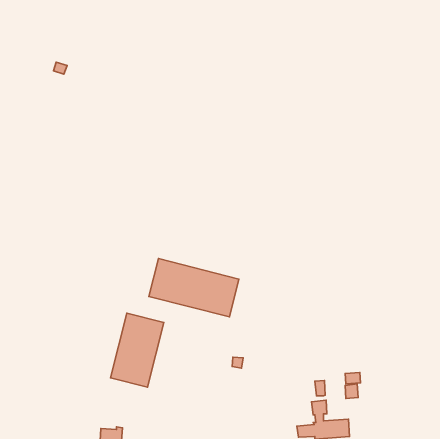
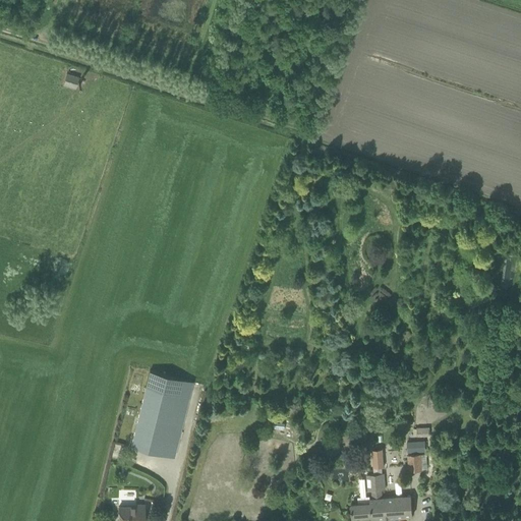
building: [149,259,239,317] -> none

